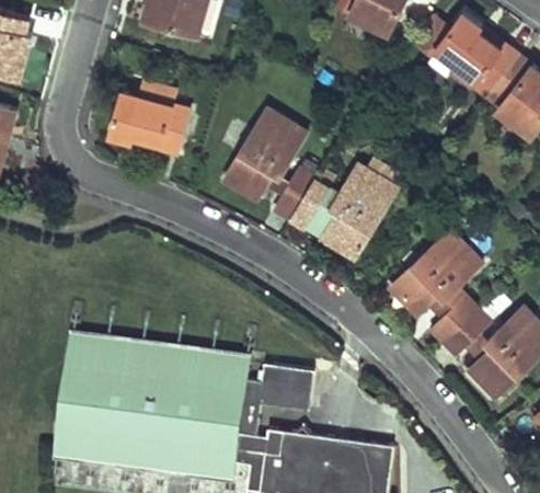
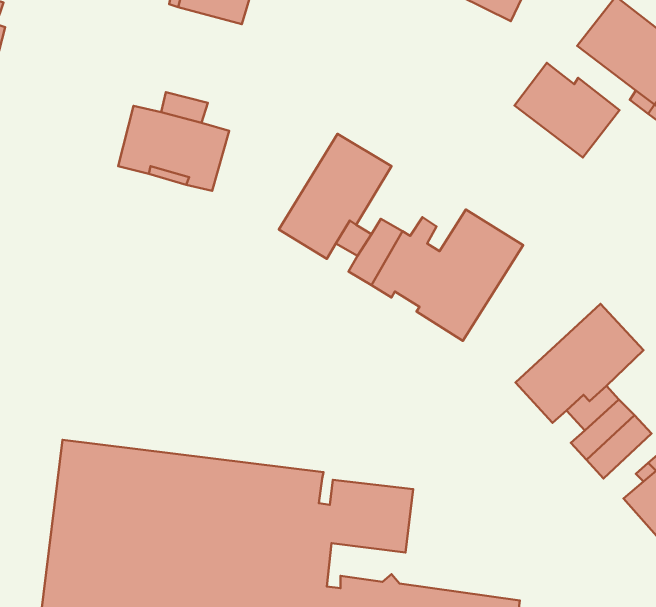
building: none -> [514,63,620,158]

